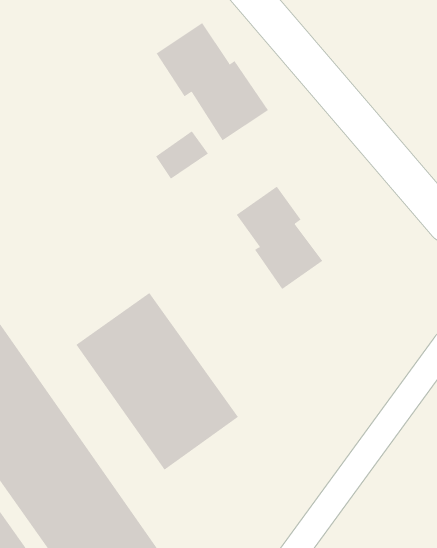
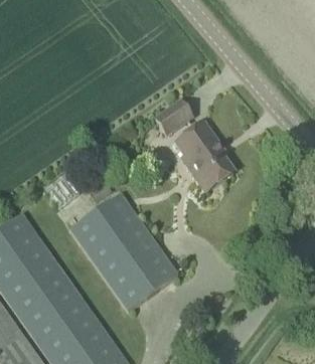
building: [156,22,269,141] -> none
building: [155,131,209,180] -> [156,103,191,135]

